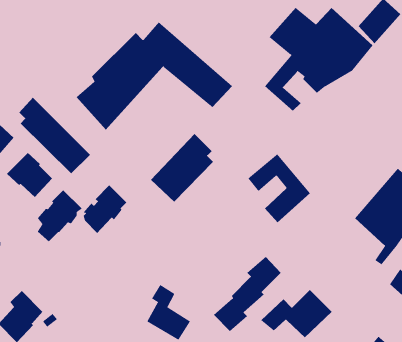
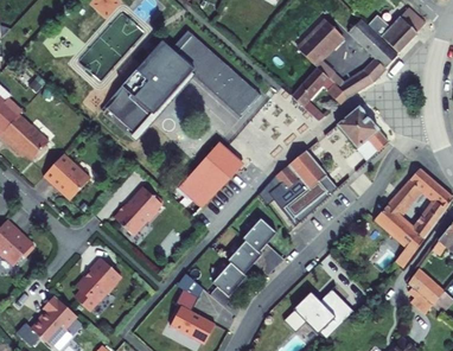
building: [18,97,91,174] -> none
building: none -> [340,103,391,159]
building: [37,189,82,242] -> [70,257,115,309]
building: [213,256,281,332] -> [212,221,280,295]

